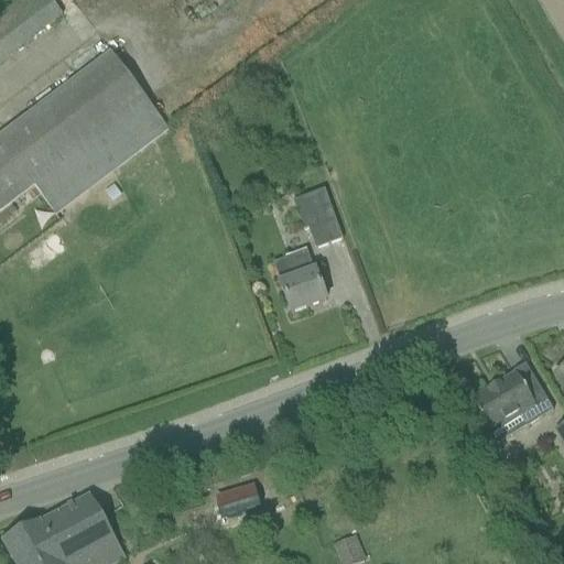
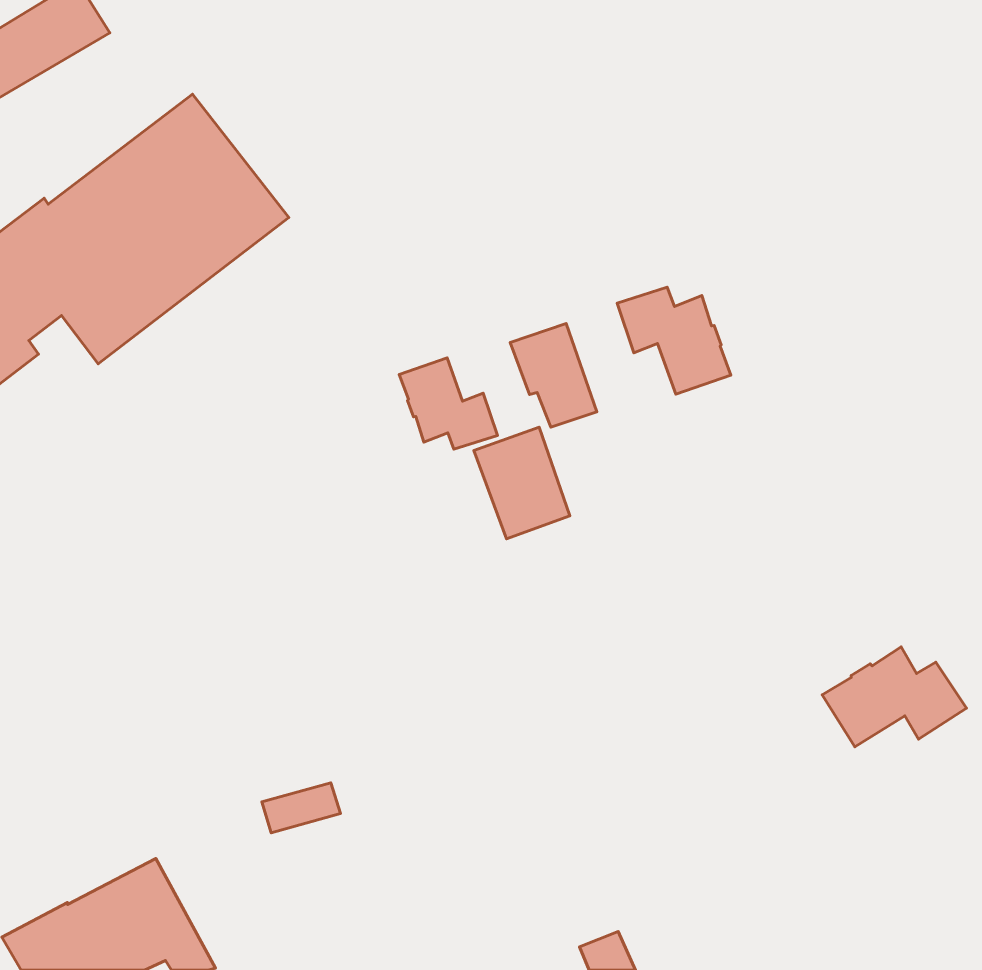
building: none -> [617,287,731,394]
building: none -> [399,358,497,449]
building: [215,487,260,516] -> [262,783,341,833]

